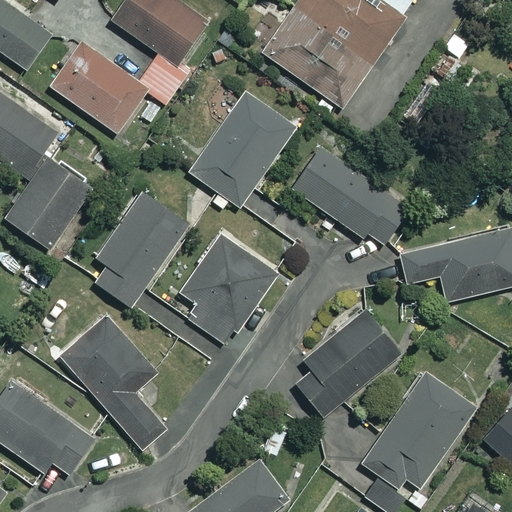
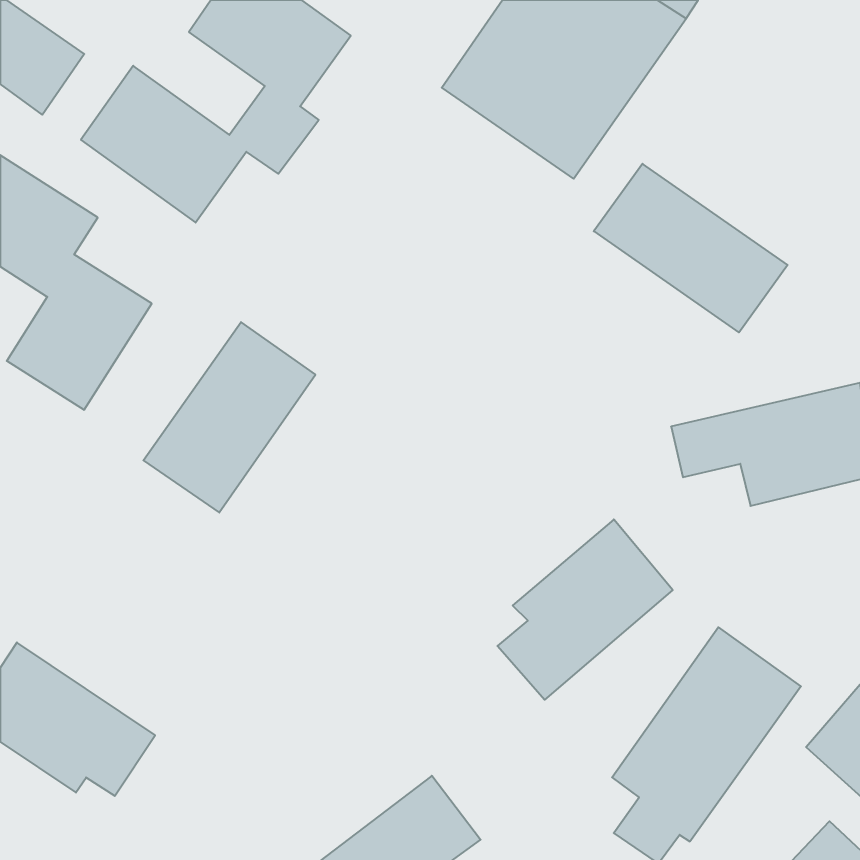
building: [190,92,293,205] -> none
building: [293,148,408,248] -> [594,164,788,332]
building: [183,236,274,343] -> none
building: [60,316,164,447] -> none

